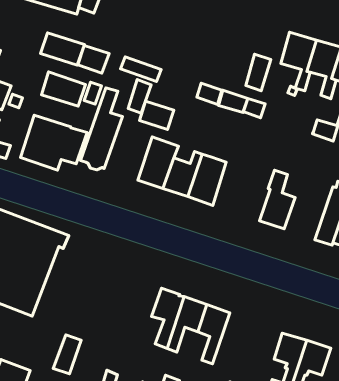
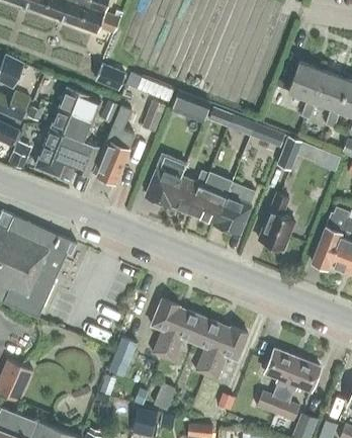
building: [40,33,84,65] -> [52,108,94,141]
building: [246,54,271,91] -> [276,136,301,171]
building: [139,101,174,129] -> [171,93,204,121]
building: none -> [216,183,256,233]
building: none -> [207,327,249,378]
building: [53,335,81,374] -> [109,337,138,374]

